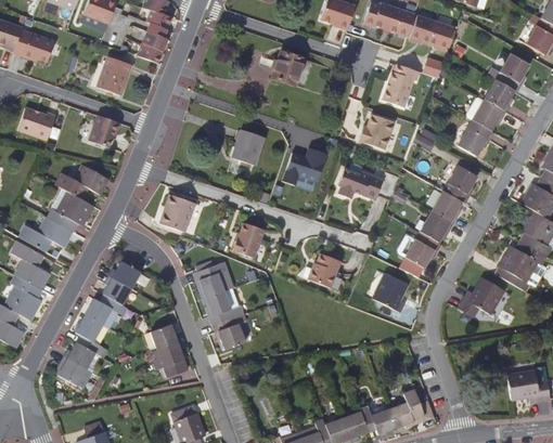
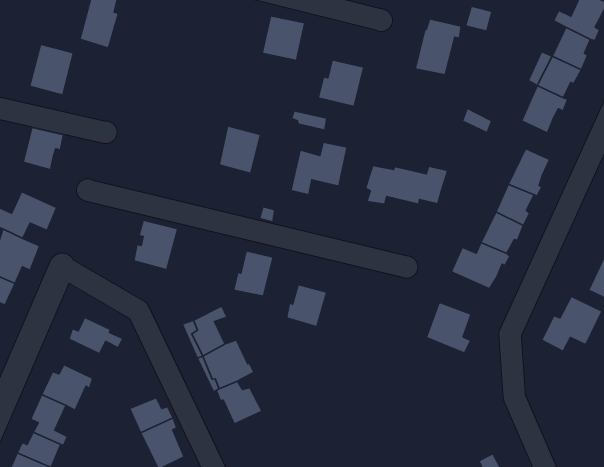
building: [359,114,395,149] -> [318,60,364,106]
building: [310,252,342,285] -> [286,284,327,327]
building: [104,275,131,304] -> none

